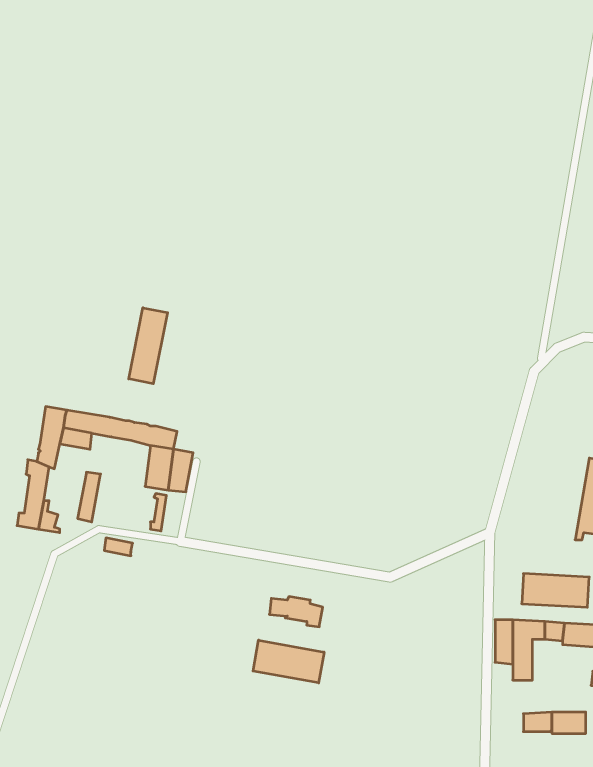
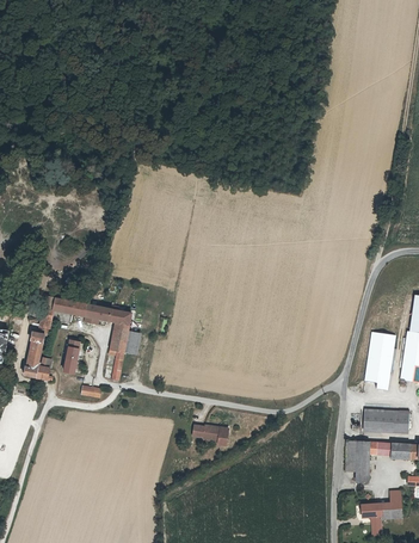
building: [129,308,168,384] -> none
building: none -> [362,331,393,389]
building: [253,640,324,683] -> none

